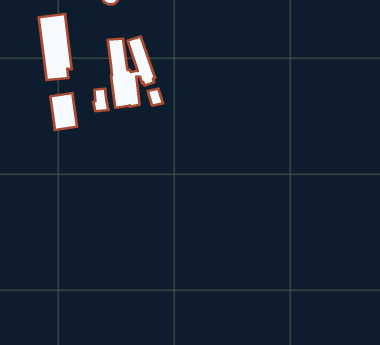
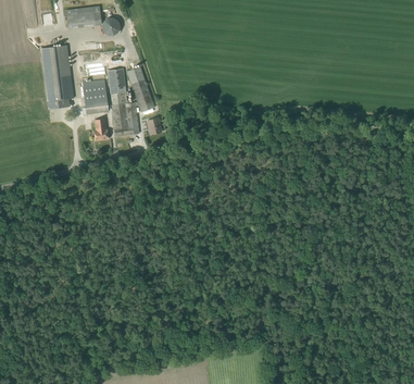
building: [50,93,77,130] -> [83,78,109,114]

